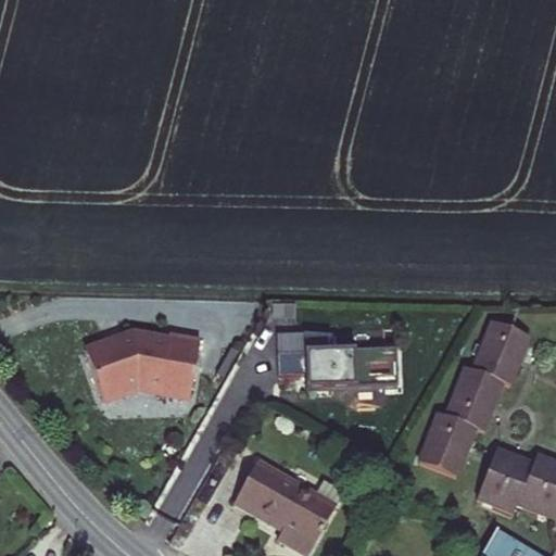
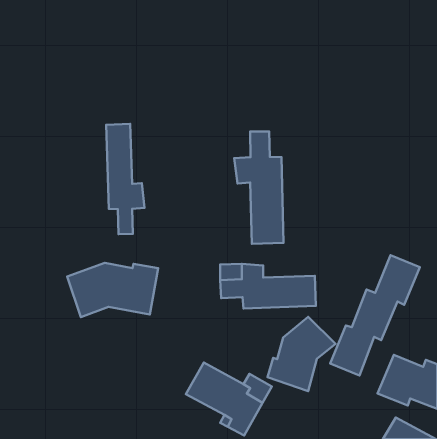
building: none -> [106,124,145,234]
building: none -> [234,131,283,244]
building: none -> [268,317,335,391]

